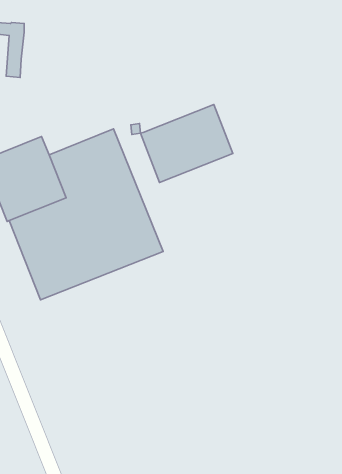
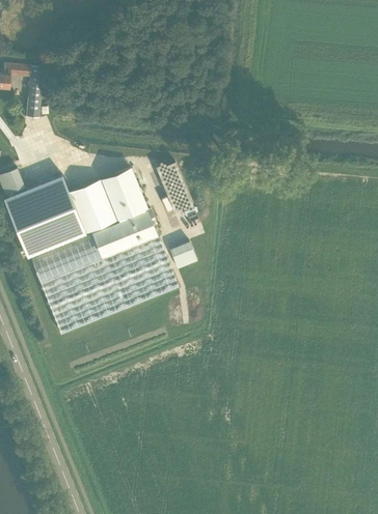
building: [140,104,233,182] -> none

